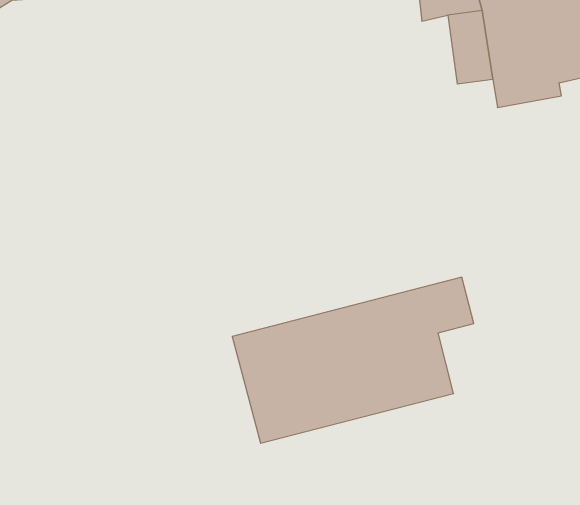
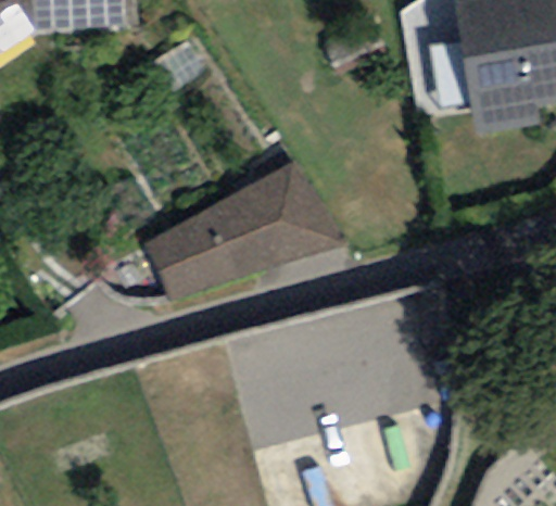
building: none -> [142,161,350,298]

